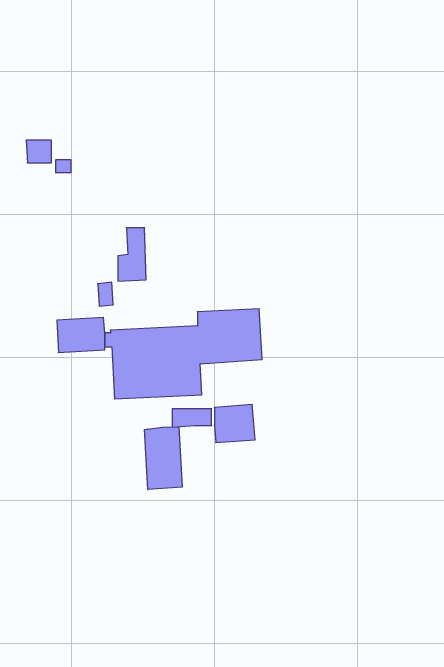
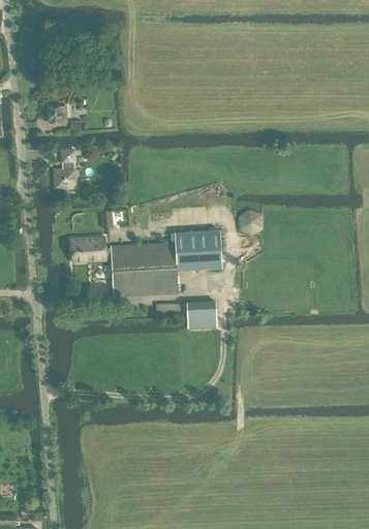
building: [118,228,146,281] -> [54,149,74,188]
building: none -> [239,210,260,235]
building: [145,427,182,490] -> none

